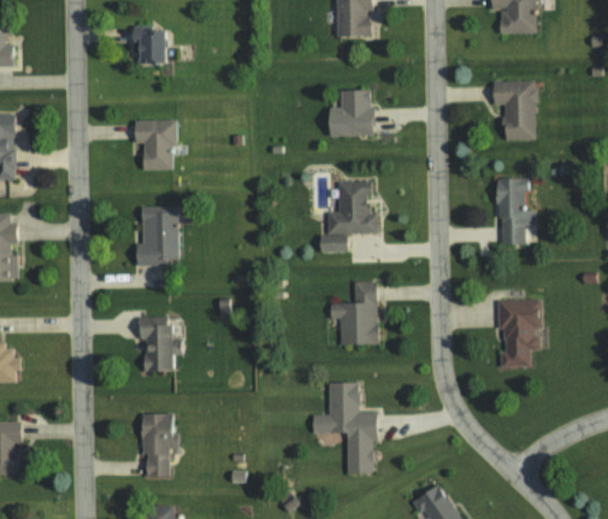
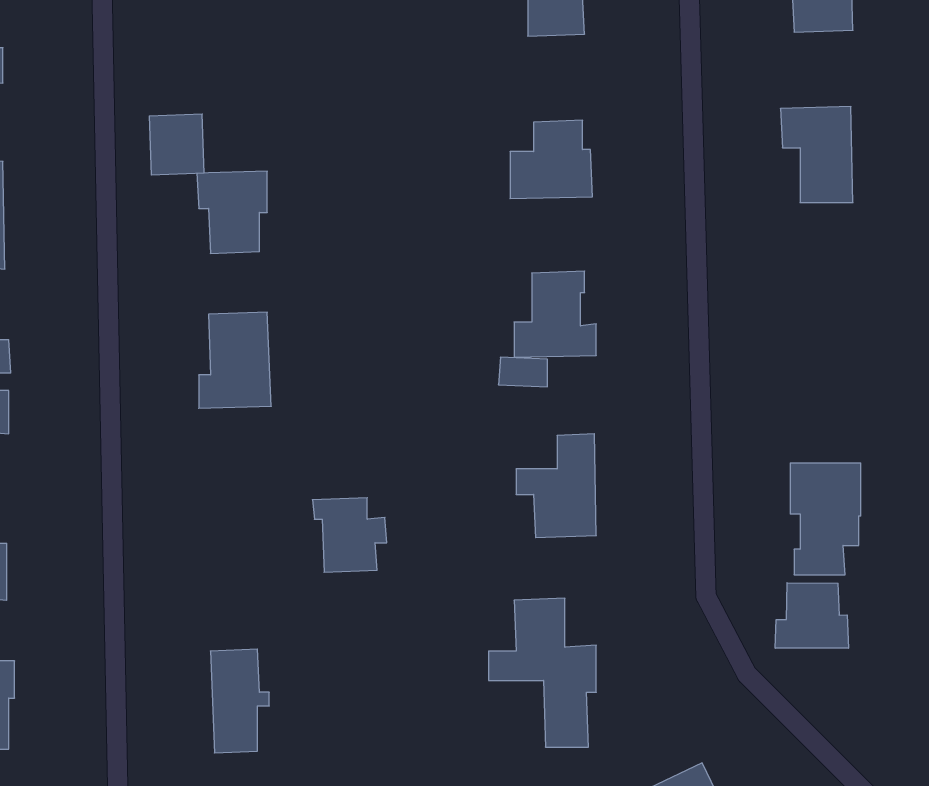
building: [132,26,166,64] -> [149,114,204,175]
building: [496,177,535,244] -> none
building: [136,325,182,371] -> [312,498,387,572]
building: none -> [775,583,848,648]

